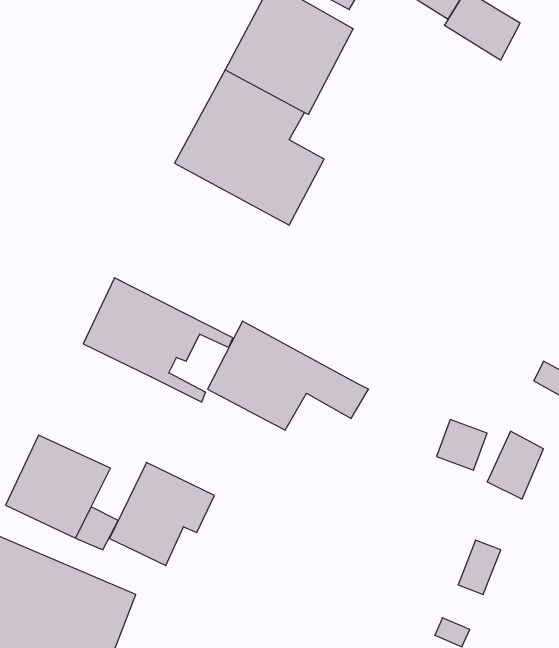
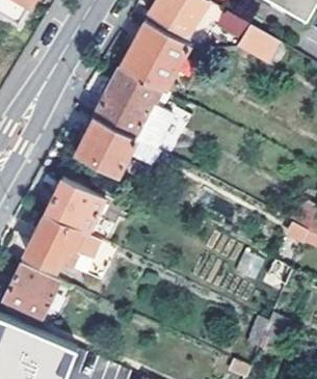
building: [208,321,369,430] -> [76,117,162,175]
building: [110,463,214,566] -> [26,214,82,269]

